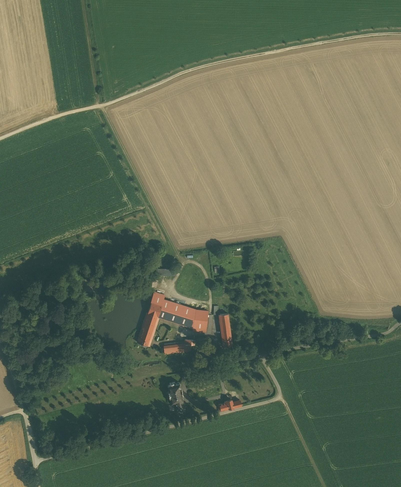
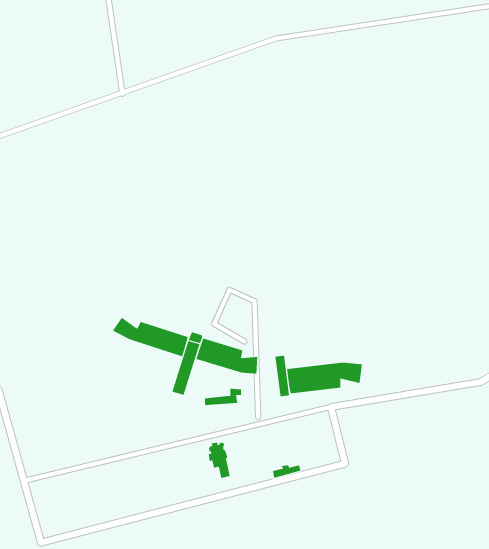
building: none -> [112,317,188,357]
building: none -> [286,362,362,394]

